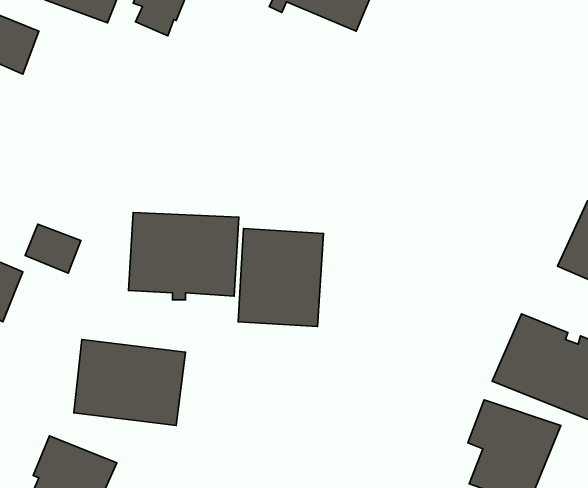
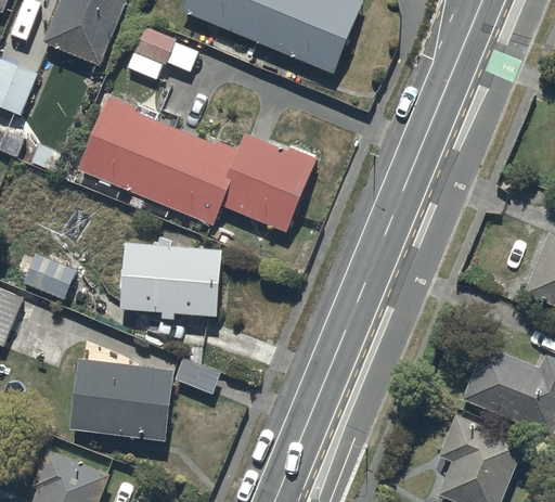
building: none -> [77,95,315,233]
building: [238,229,324,326] -> none

